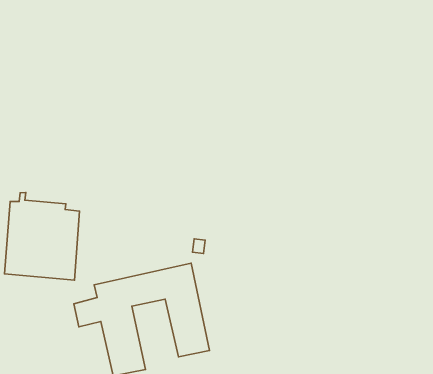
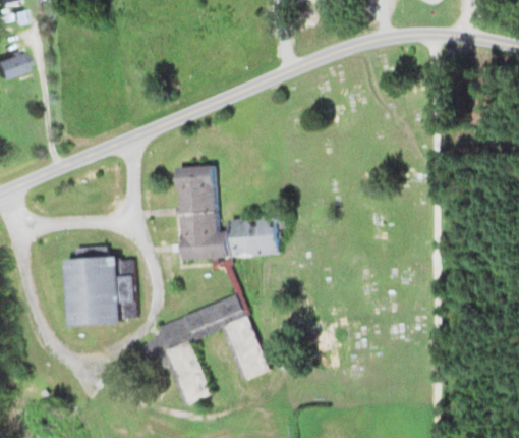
building: none -> [176,166,282,260]

